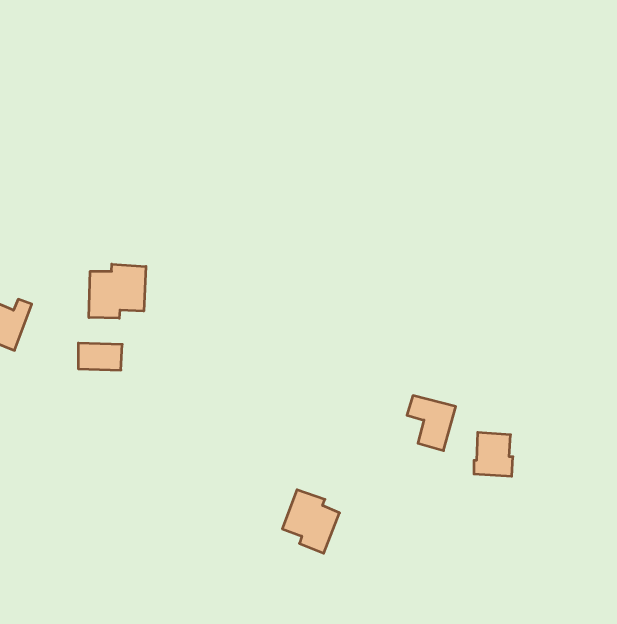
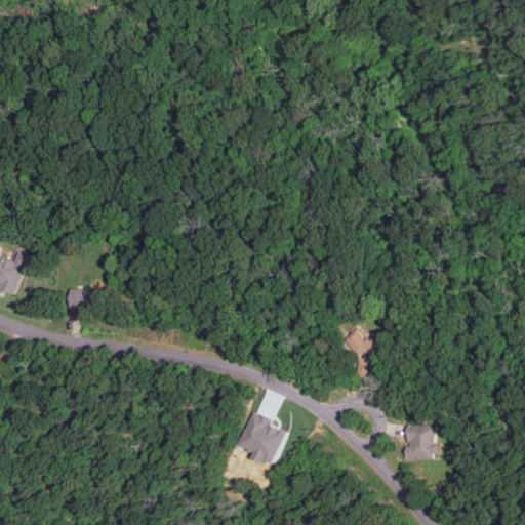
building: [89,264,146,318] -> none
building: [474,432,513,476] -> [402,422,435,459]

